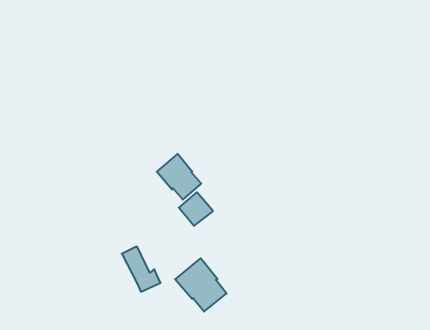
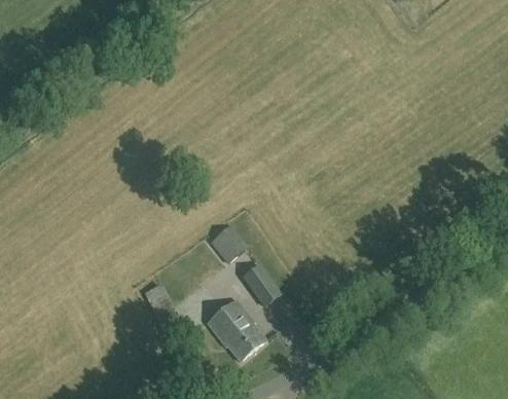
building: [157,154,201,200] -> none
building: none -> [243,267,281,310]

